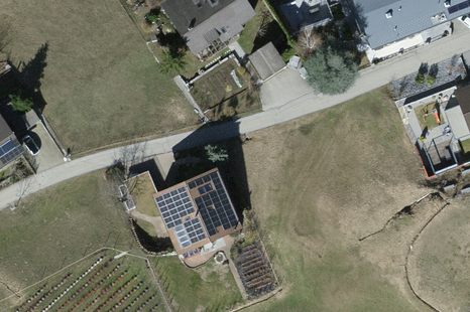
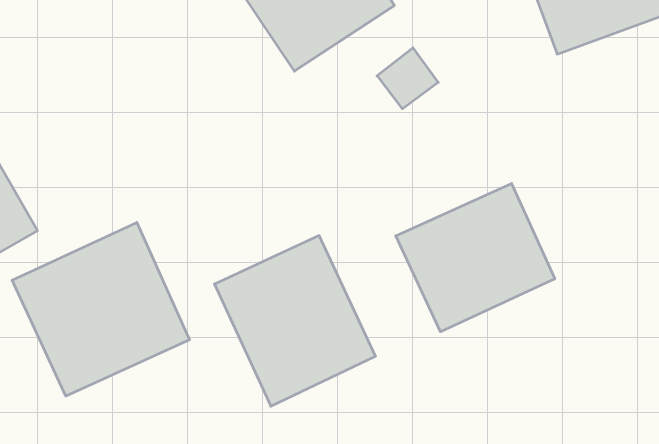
building: none -> [396,183,555,332]
building: none -> [12,222,189,396]

